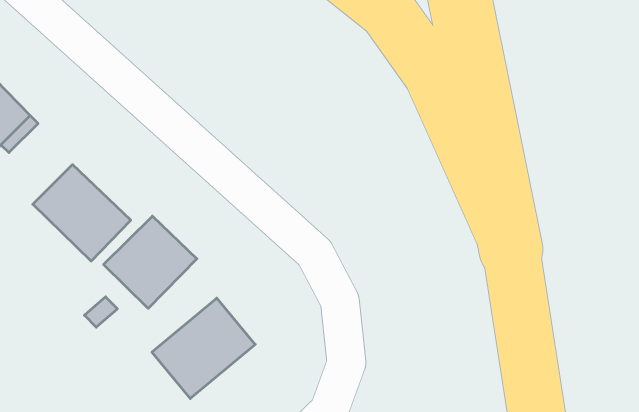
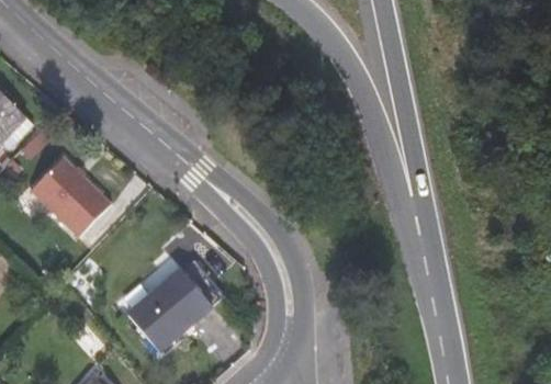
building: [104,216,197,308] -> none

